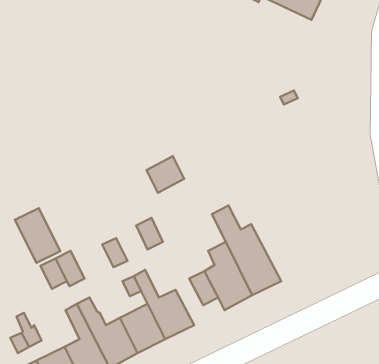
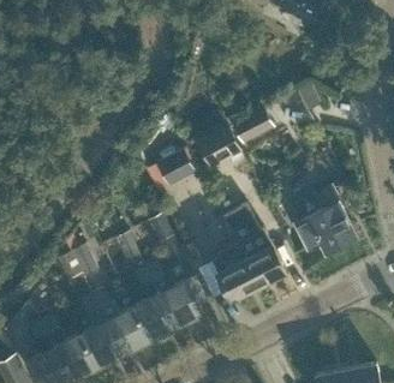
building: none -> [232,107,275,144]
building: none -> [198,132,240,172]
building: none -> [294,187,356,253]
building: [15,208,60,263] -> none

